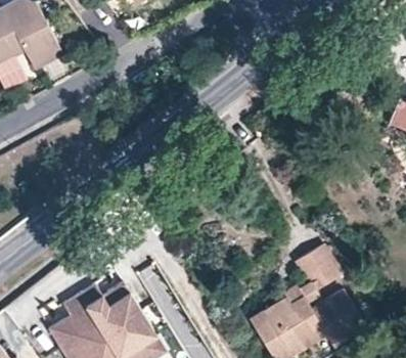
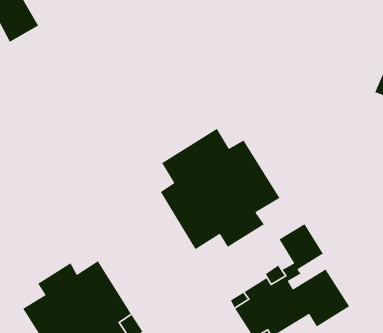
building: none -> [160,128,280,250]

